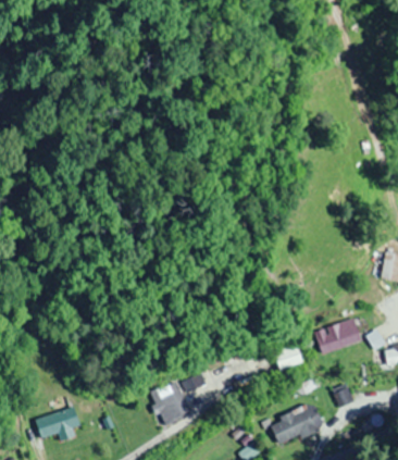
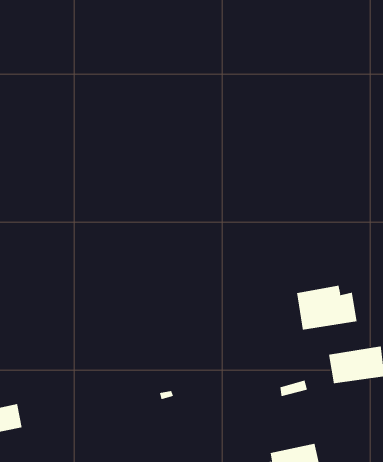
building: none -> [296,285,357,331]
building: [150,382,189,423] -> none

